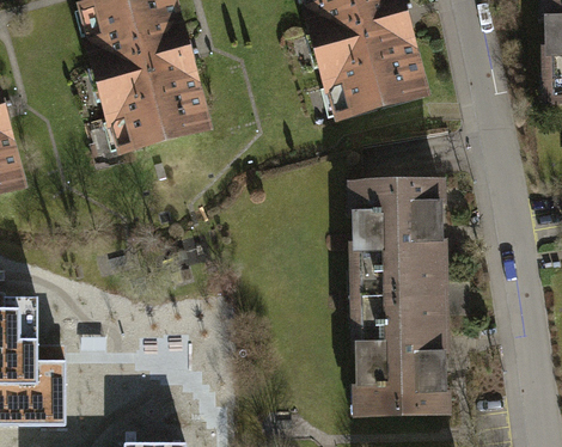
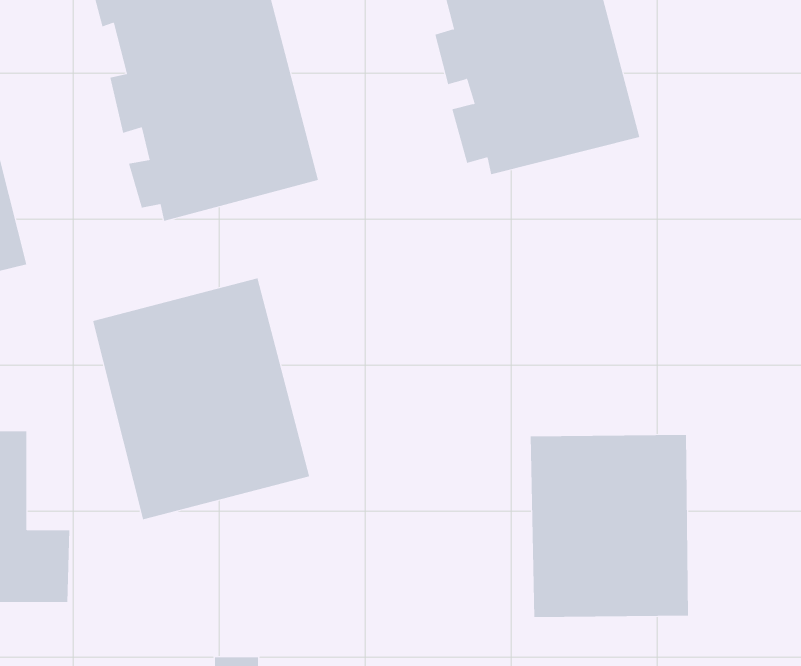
building: [353,182,454,299] -> none
building: none -> [93,278,310,520]

